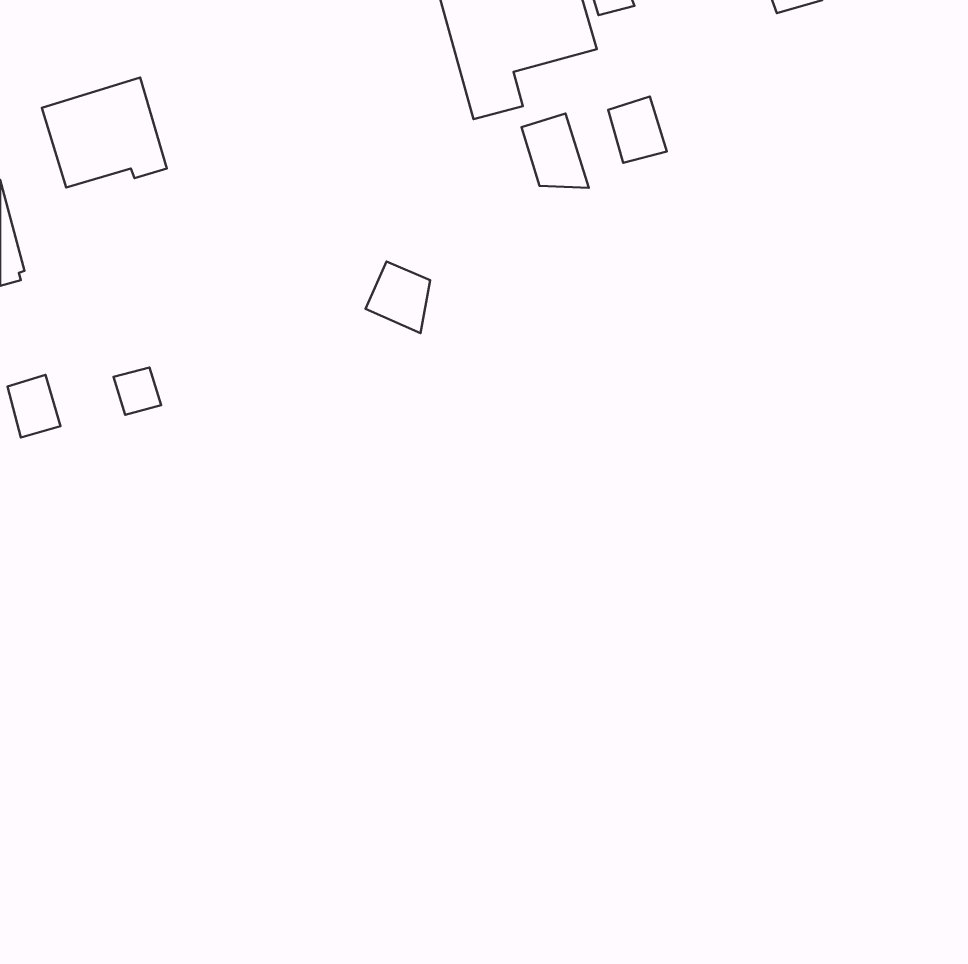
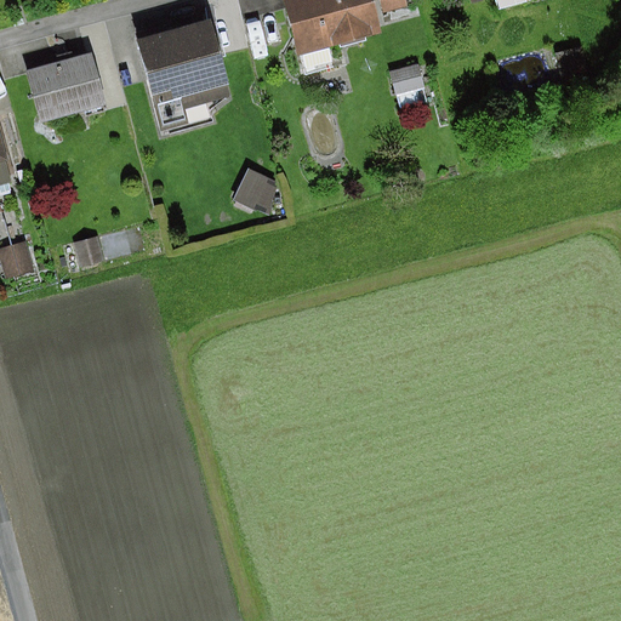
building: none -> [136,17,232,130]
building: [522,114,589,188] -> none

